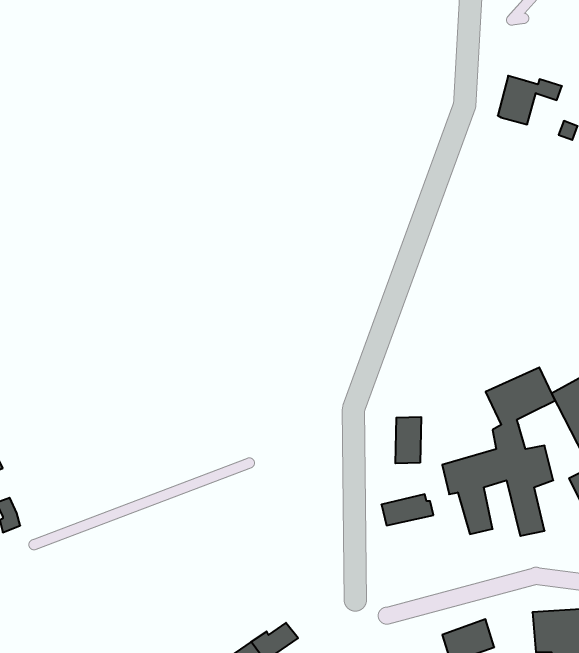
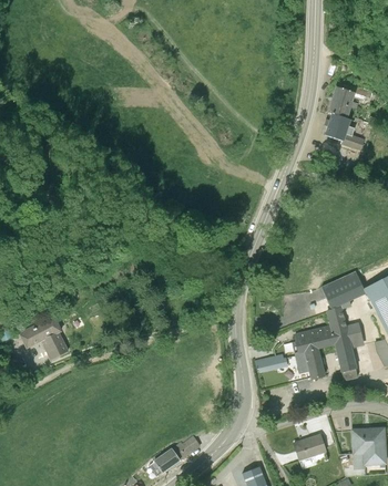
building: none -> [325,113,365,151]
building: [395,417,421,463] -> none
building: none -> [18,314,68,359]

